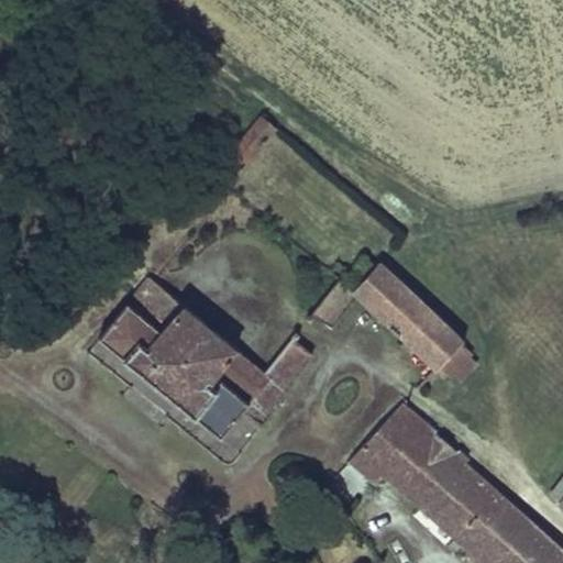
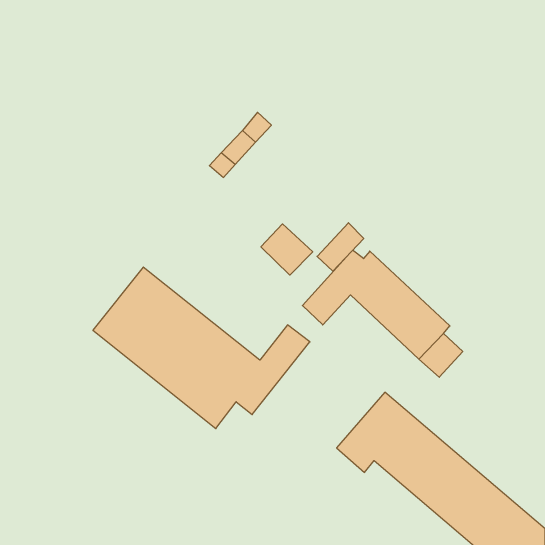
building: none -> [317,223,364,271]
building: none -> [261,224,313,275]

